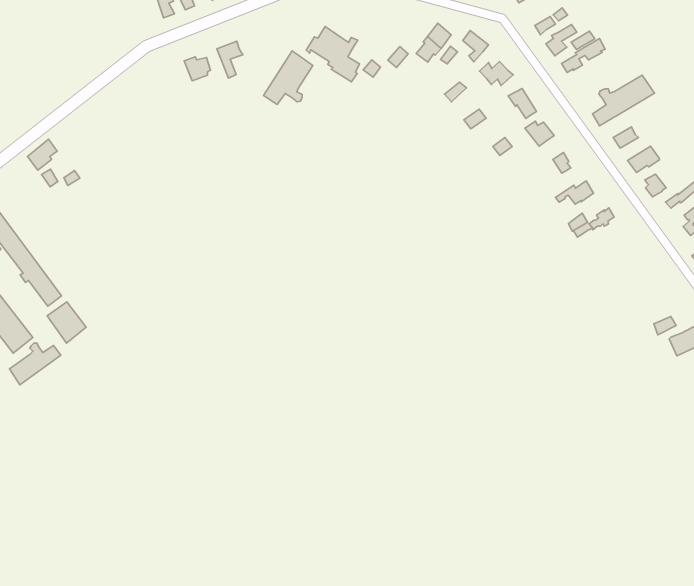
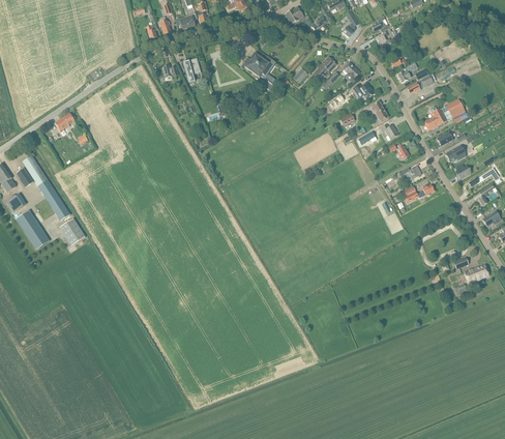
building: [263,51,313,104] -> none
building: [10,343,61,385] -> none

